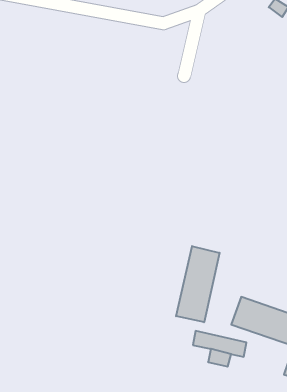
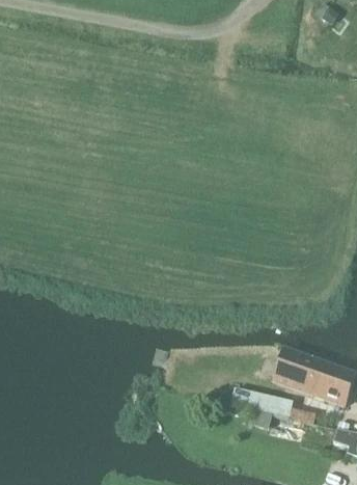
building: [176,246,220,322] -> none

